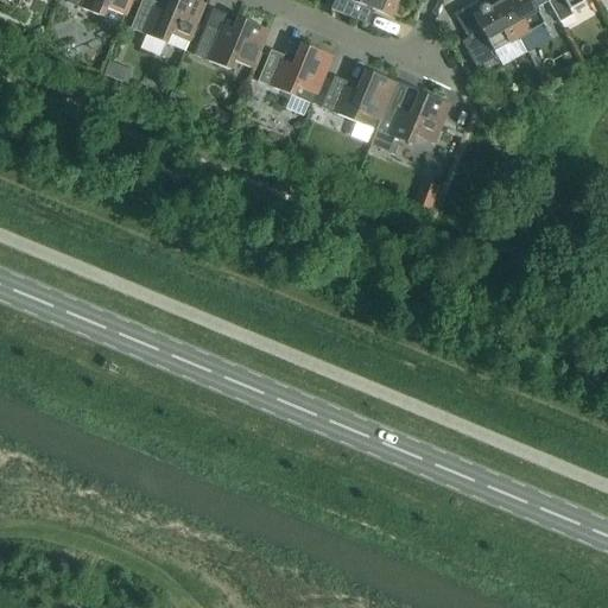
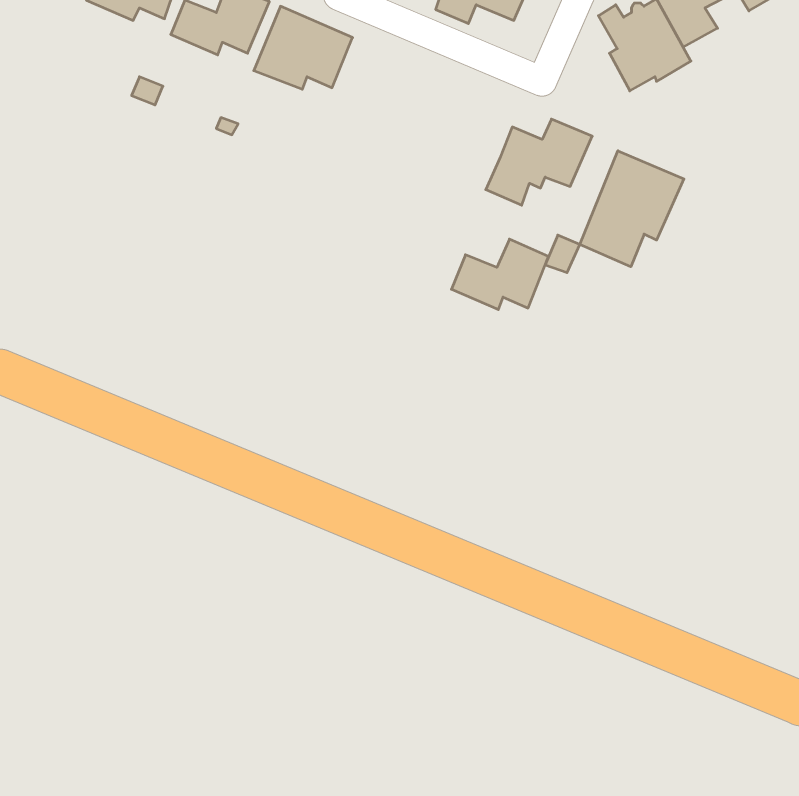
building: [258,42,332,102] -> none
building: [322,68,395,121] -> [451,239,549,310]
building: none -> [580,151,684,267]

